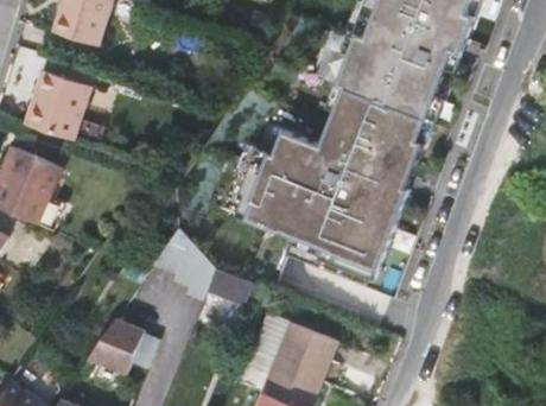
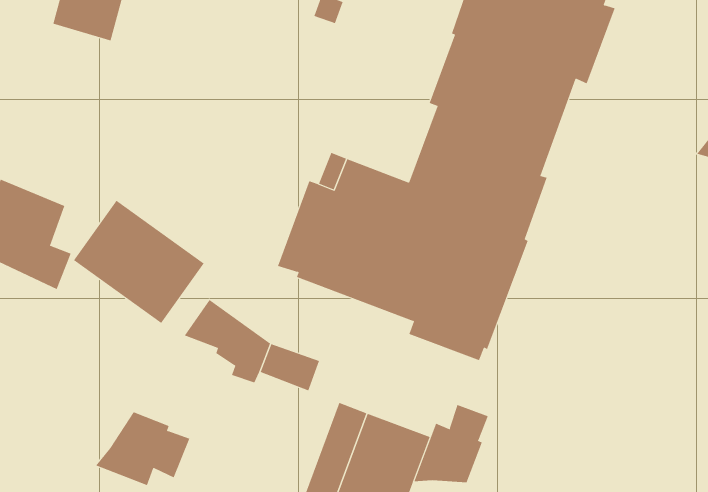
building: [25,68,88,135] -> none
building: none -> [73,200,204,324]
building: none -> [414,404,489,483]

